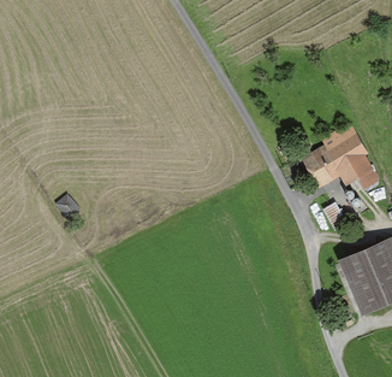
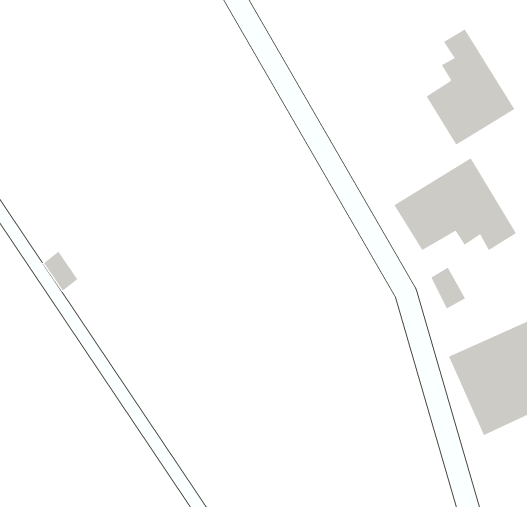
building: none -> [426,29,515,146]

